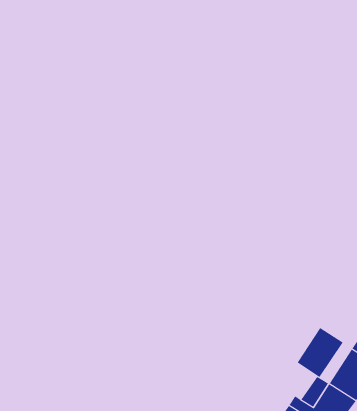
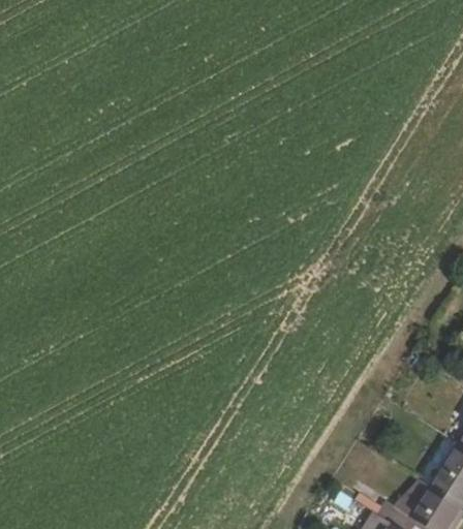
building: [297,327,344,378] -> none

